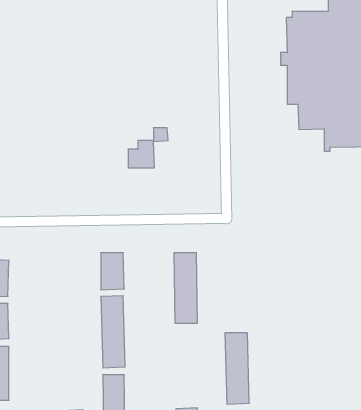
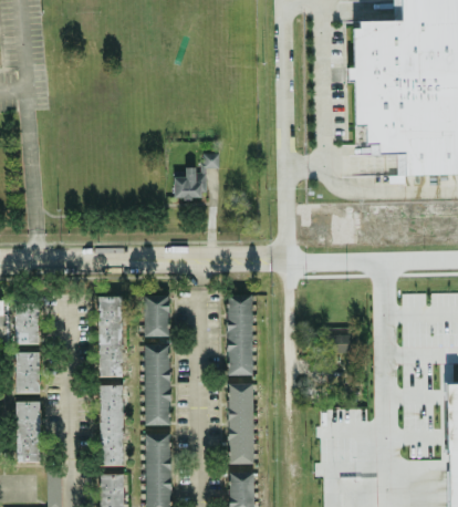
building: none -> [97,296,123,376]
building: none -> [98,384,124,465]
building: [225,333,249,404] -> [227,383,254,464]

